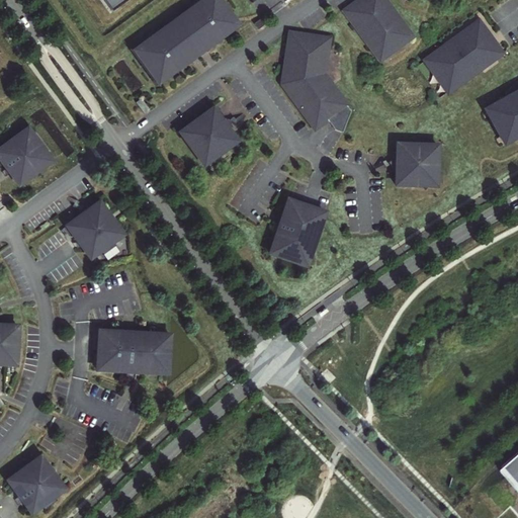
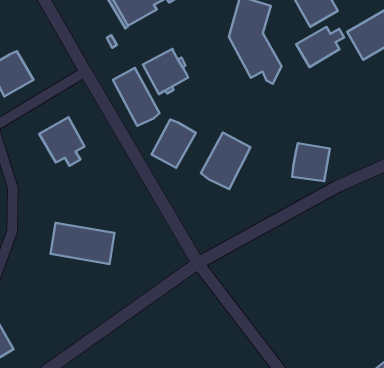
building: none -> [296,27,344,67]
building: none -> [113,68,159,126]
building: [395,143,436,185] -> [292,143,330,181]
building: none -> [151,119,196,168]

